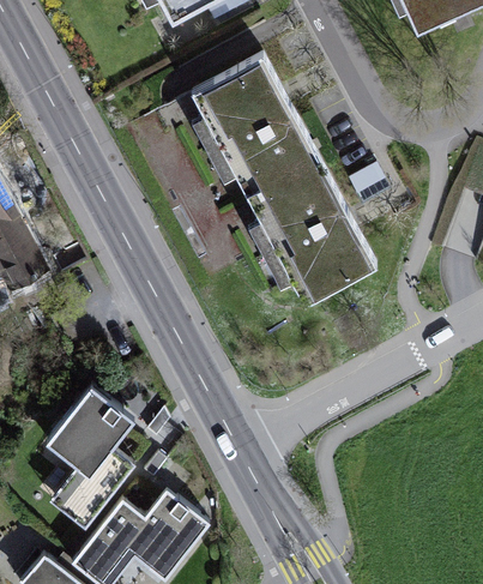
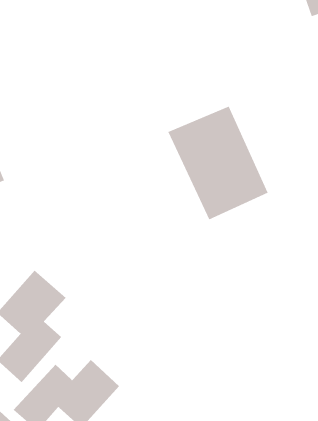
building: [188,54,319,197] -> none

